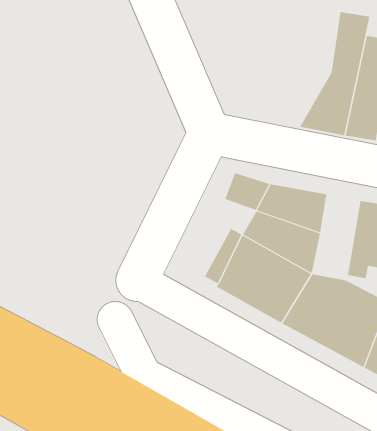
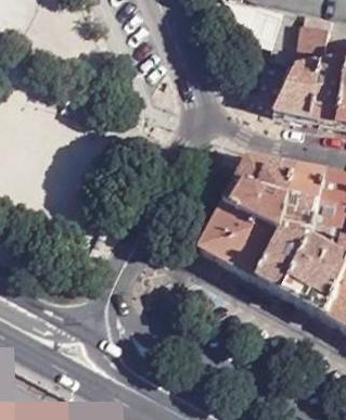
building: none -> [285,176,325,245]

